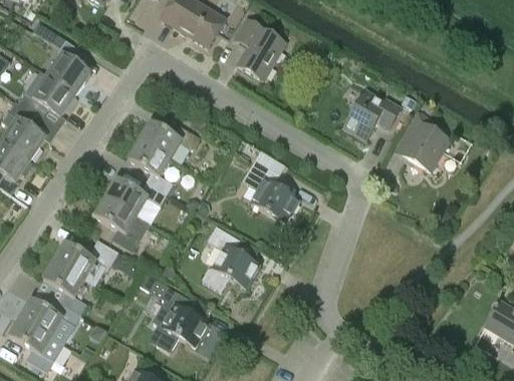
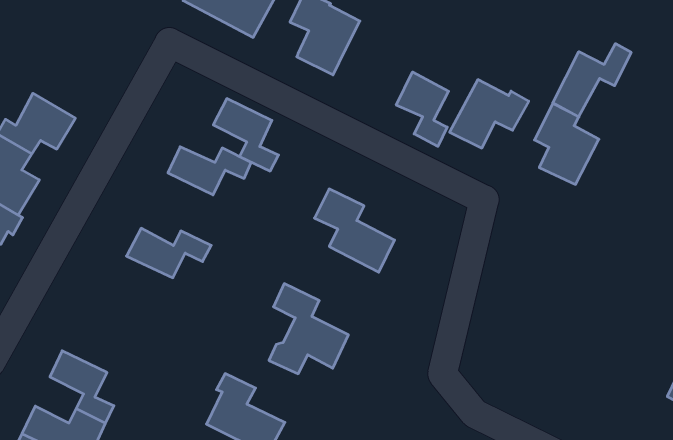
building: [32,22,90,95] -> none
building: none -> [553,44,631,117]
building: none -> [396,72,449,146]
building: [127,139,173,194] -> [213,99,279,171]
building: [94,197,139,250] -> none
building: [53,239,143,279] -> none

